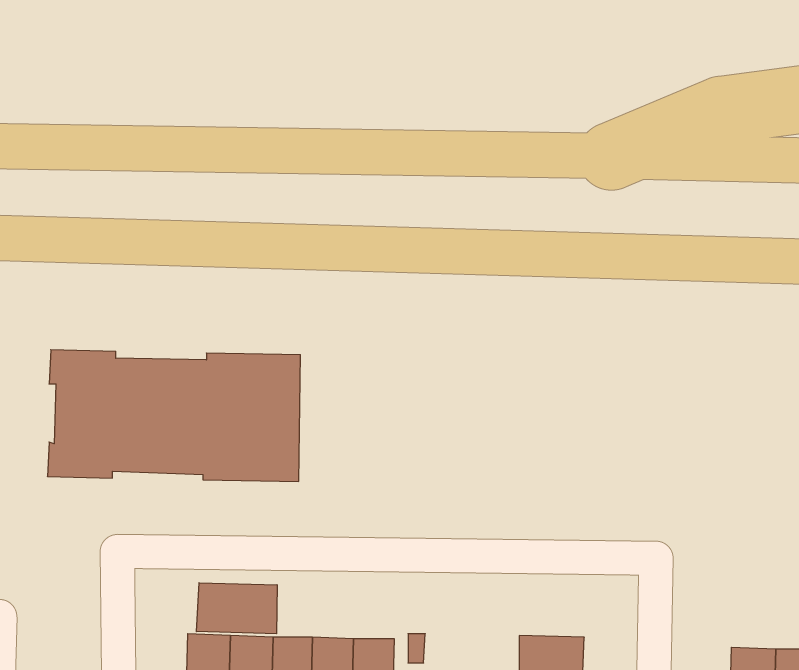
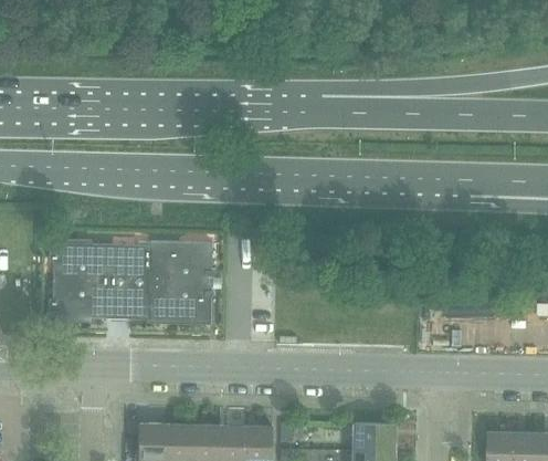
building: [196,583,277,634] -> none

